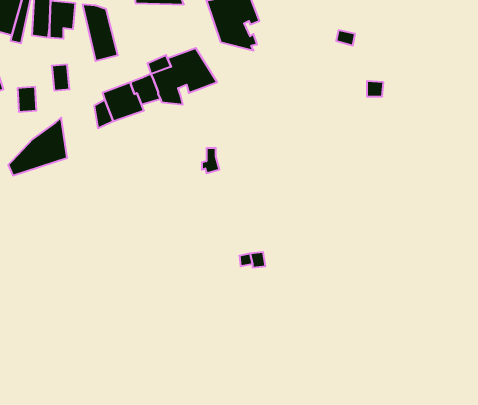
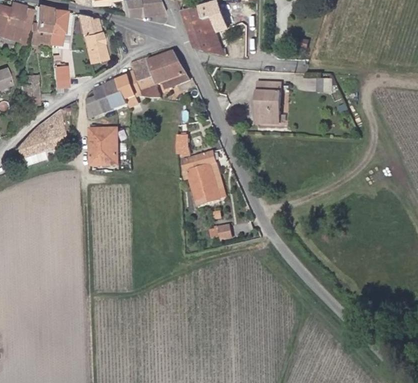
building: none -> [258,82,282,123]
building: none -> [90,127,119,164]
building: none -> [185,151,228,203]

